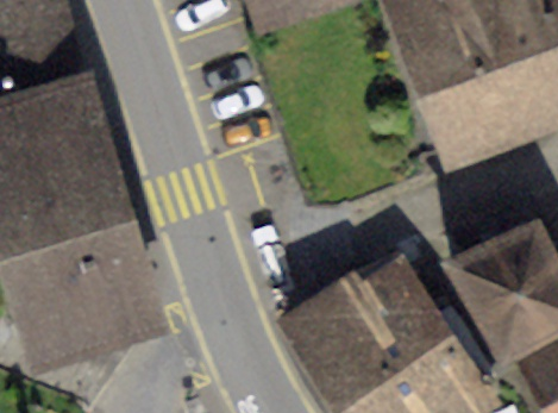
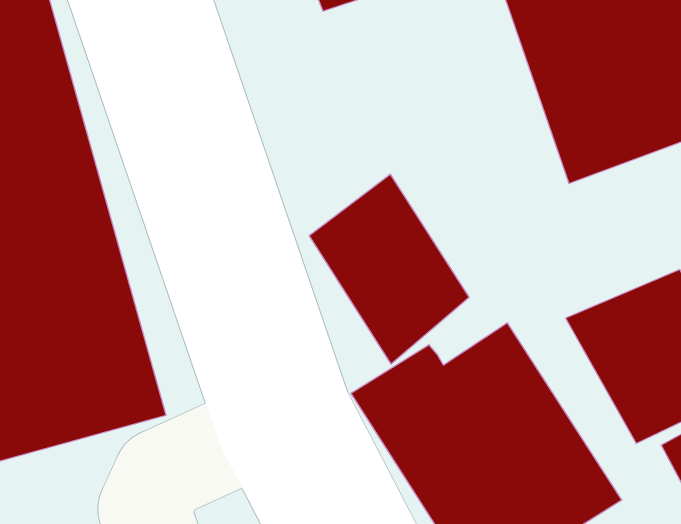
building: none -> [309,174,469,364]

